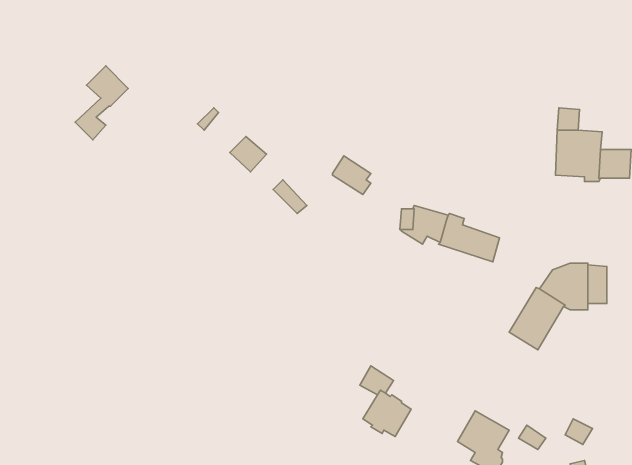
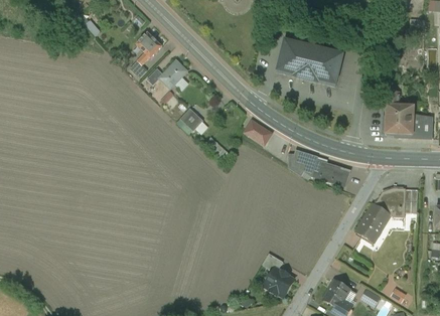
building: none -> [276,41,341,86]
building: none -> [146,59,186,88]
building: [75,66,128,140] -> [128,31,161,77]

